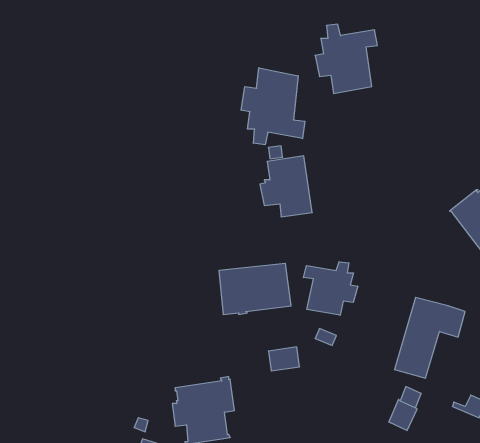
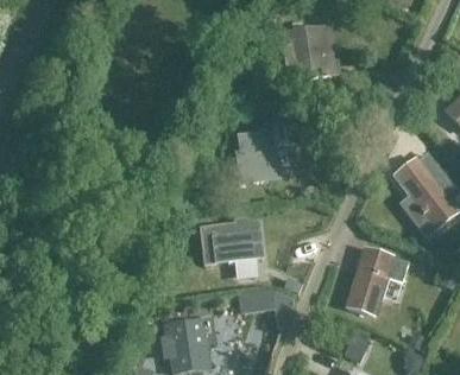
building: [241,68,305,145] -> none
building: [303,262,358,315] -> none

